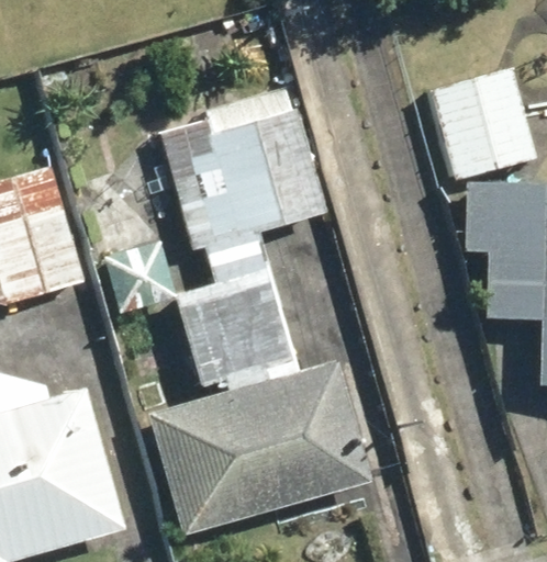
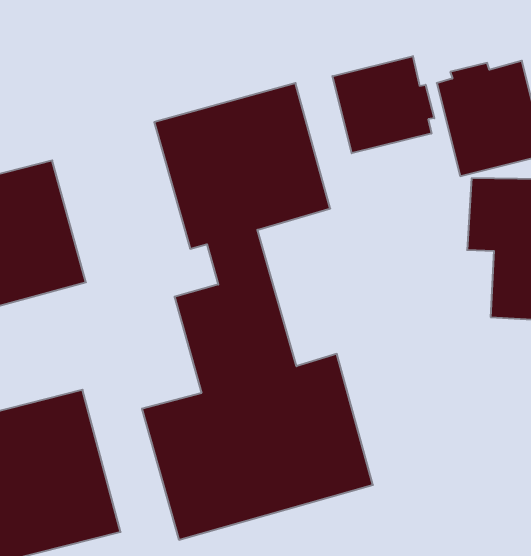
building: none -> [332,56,434,153]

